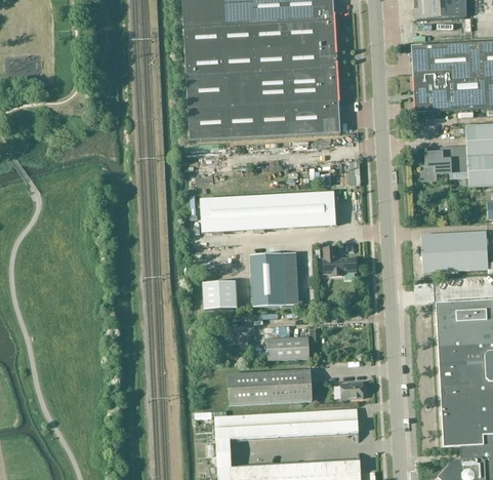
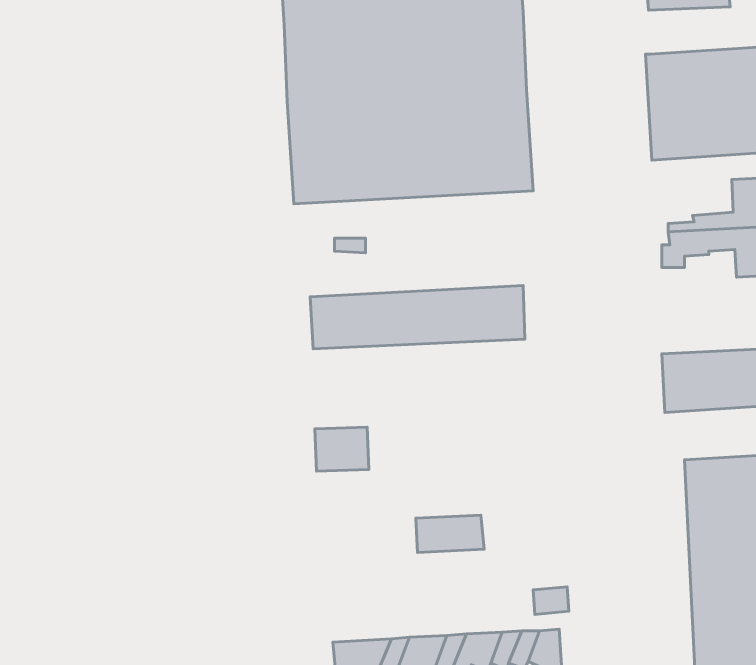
building: [322,247,356,276] -> none
building: [250,252,298,307] -> none
building: [228,369,312,405] -> none

